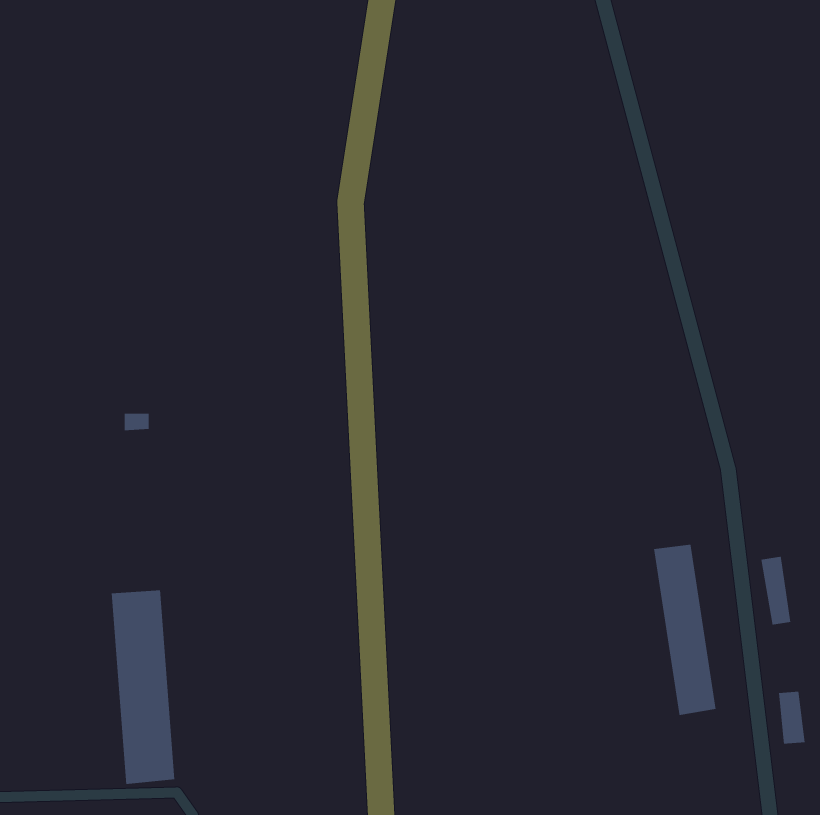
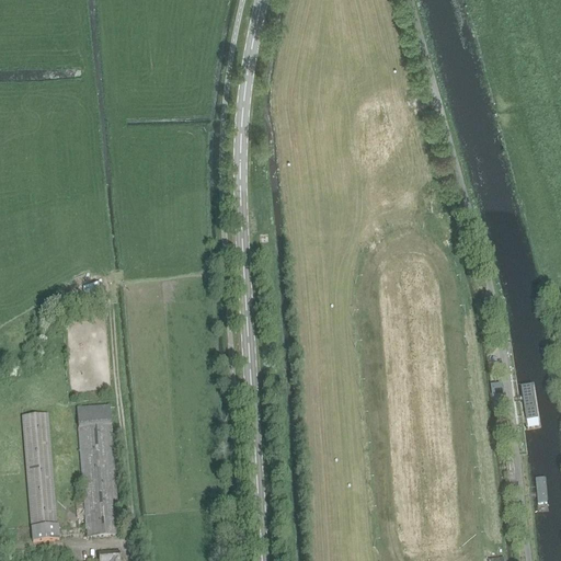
building: [653,544,716,716] -> none
building: none -> [20,410,58,539]

